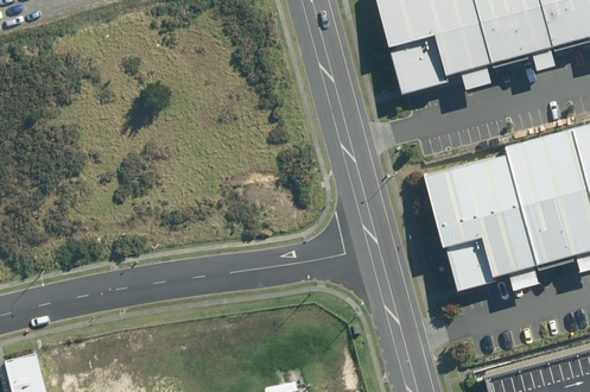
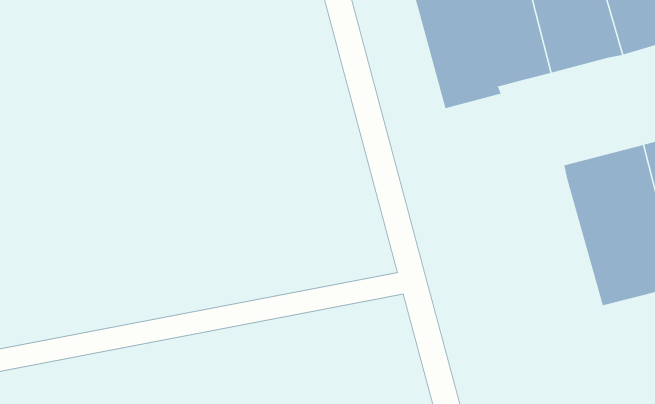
building: [427,156,535,286] -> none

